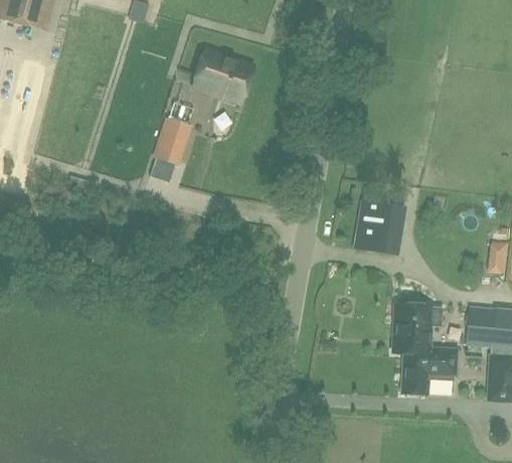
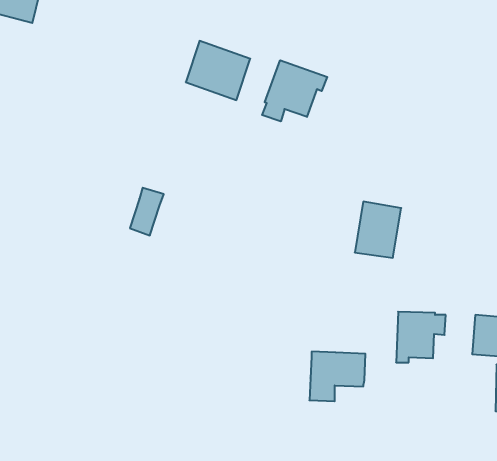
building: none -> [262,60,327,121]
building: [156,118,188,163] -> [130,188,164,235]
building: [403,347,457,395] -> [309,352,365,401]

